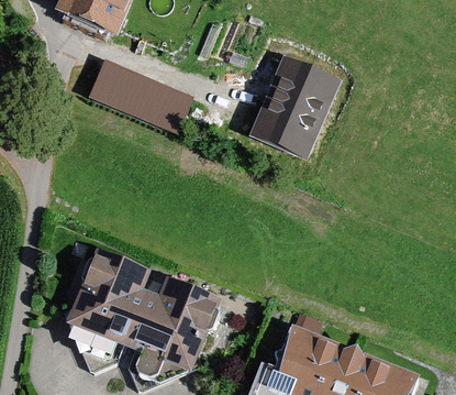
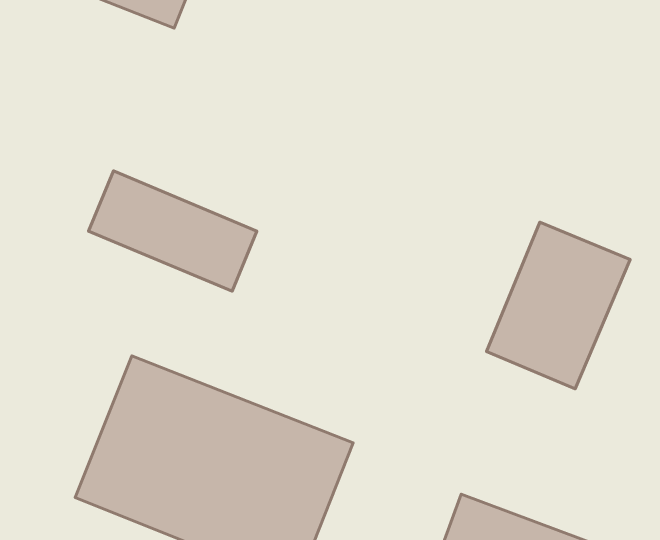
building: [252,51,341,154] -> [487,222,630,389]
building: [88,62,192,136] -> [89,171,257,291]

